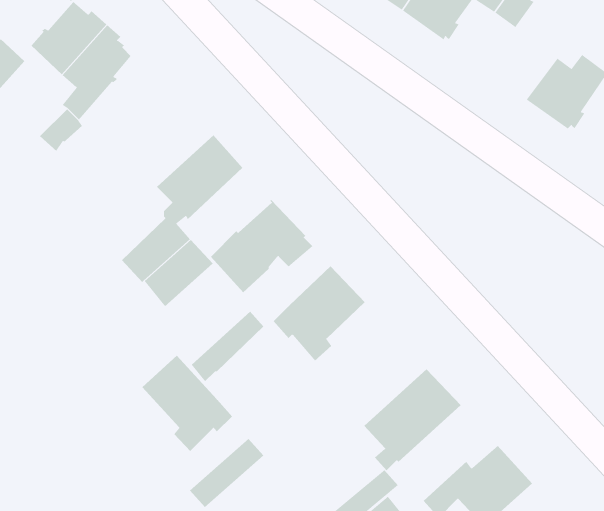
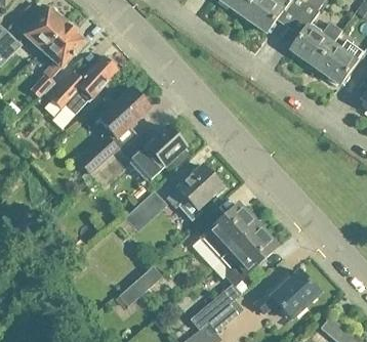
building: none -> [290,20,343,67]
building: none -> [49,55,117,114]
building: none -> [201,203,257,258]
building: [141,355,233,452] -> none

